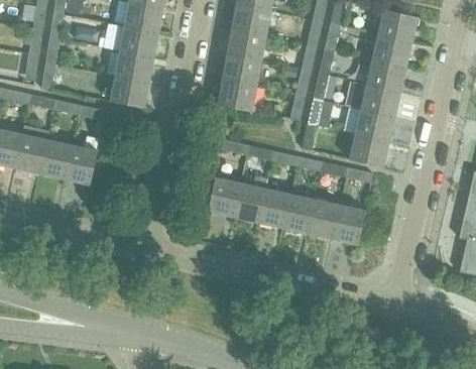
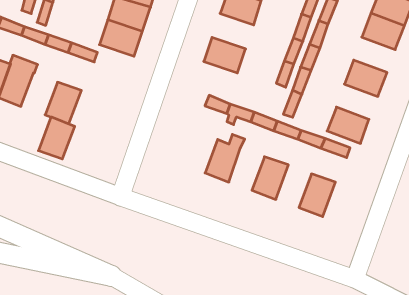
building: [220,54,260,87] -> none
building: [365,59,405,92] -> none
building: [354,109,394,141] -> none
building: [37,139,71,179] -> [38,117,75,159]
building: [206,175,239,217] -> none
building: [256,187,288,228] -> none
building: [306,198,338,239] -> none

